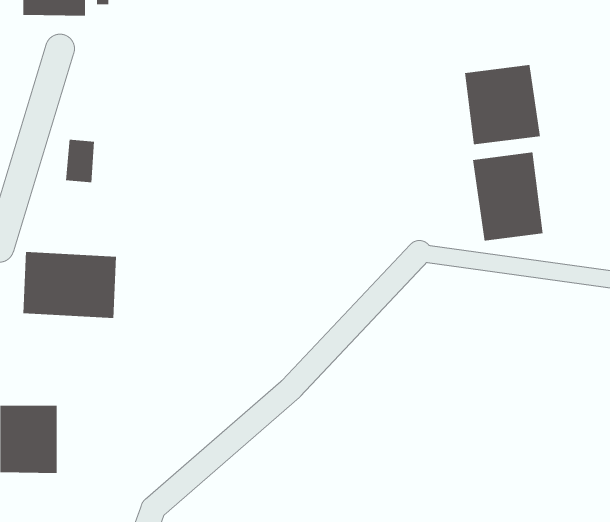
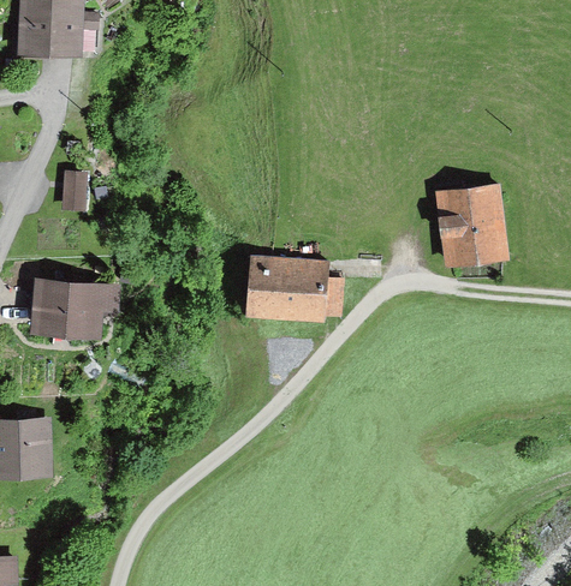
building: [464,64,540,145] -> none
building: none -> [236,255,322,322]

